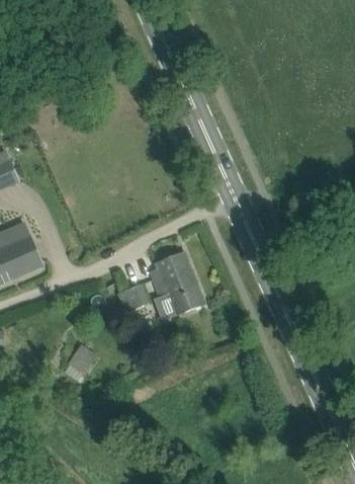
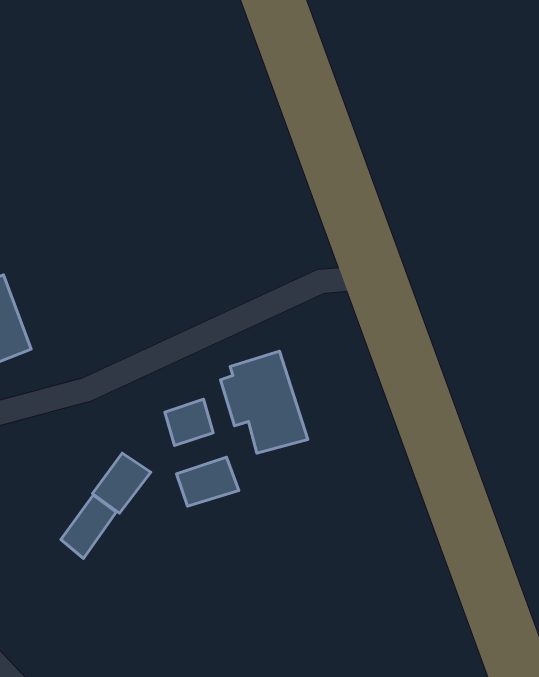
building: none -> [176,457,239,506]
building: none -> [93,453,151,513]

